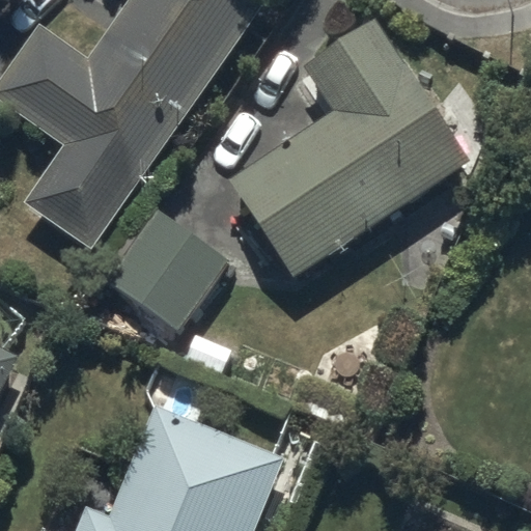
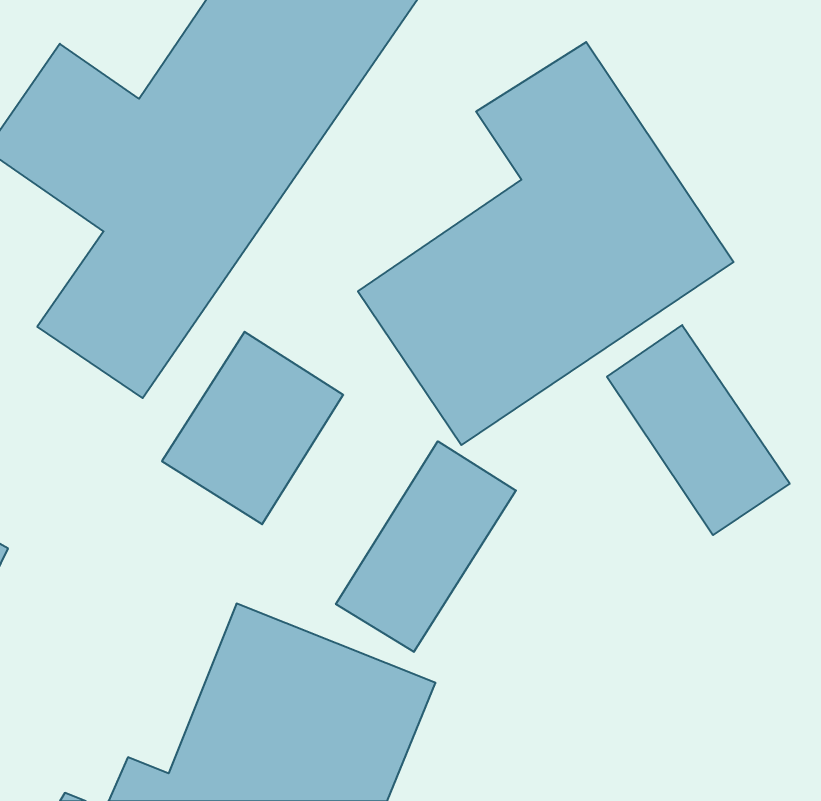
building: none -> [607,325,790,535]
building: none -> [336,441,516,652]

